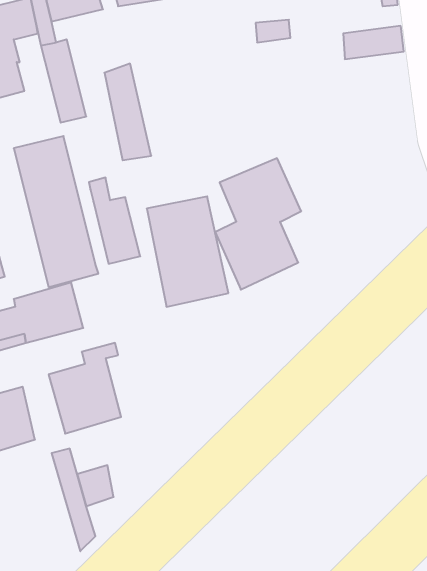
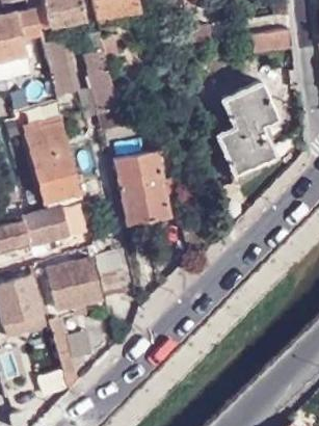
building: [215,158,301,290] -> [217,80,276,170]
building: [89,178,140,264] -> [92,239,128,298]

